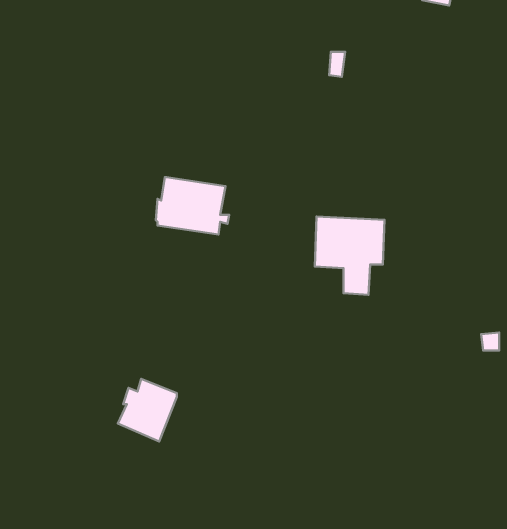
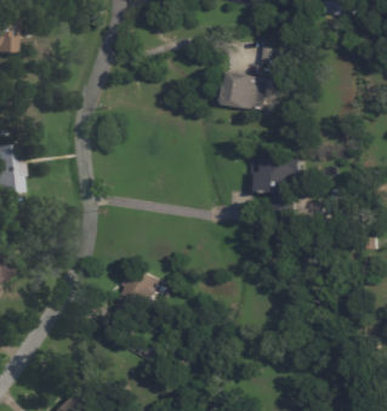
building: [156,177,229,234] -> [222,72,272,110]

